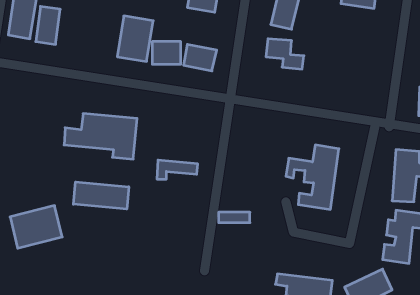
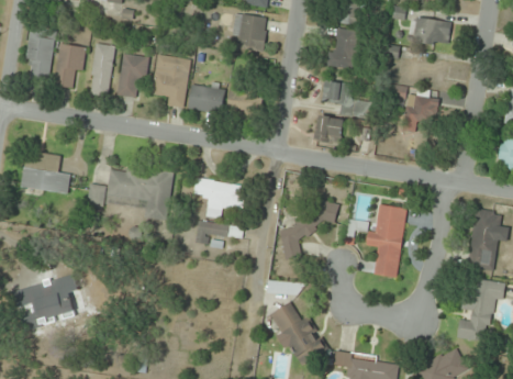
building: none -> [90,43,113,96]
building: none -> [118,53,147,98]
building: none -> [402,89,438,133]
building: none -> [314,114,345,144]
building: none -> [21,152,71,194]
building: none -> [194,179,245,218]
building: none -> [280,203,337,259]
building: [73,182,129,209] -> none
building: none -> [269,301,328,366]

